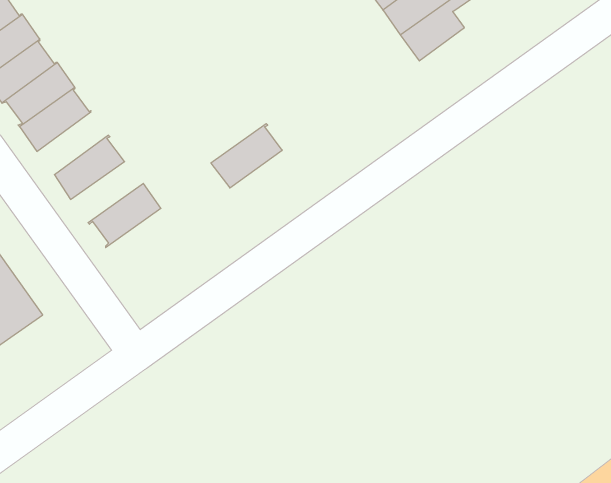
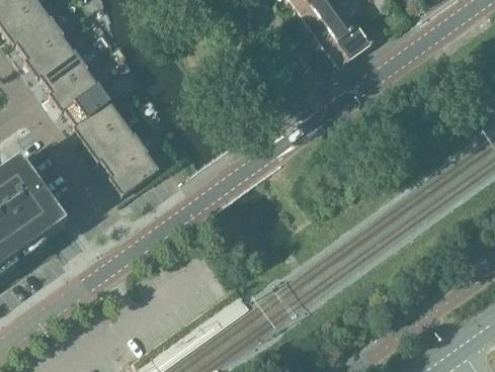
building: none -> [325,20,384,62]
building: none -> [60,79,109,122]
building: [211,124,282,188] -> [107,146,157,190]
building: none -> [83,113,134,156]

